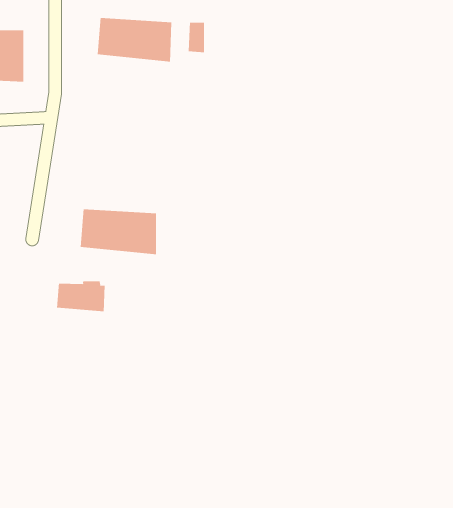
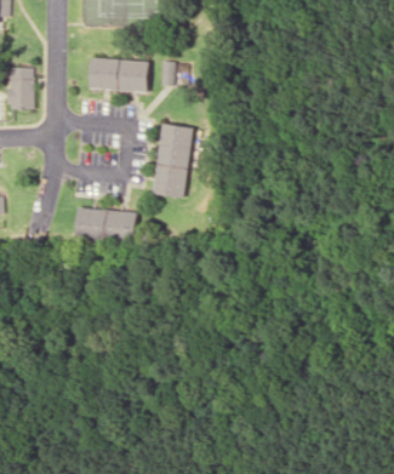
building: none -> [150,124,193,199]
building: [57,281,105,312] -> none

